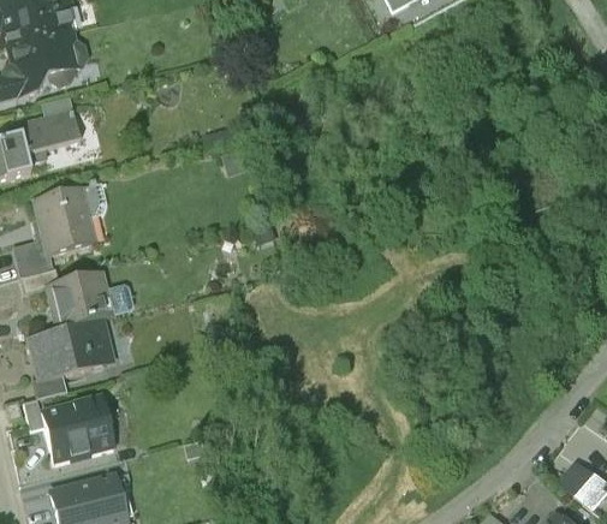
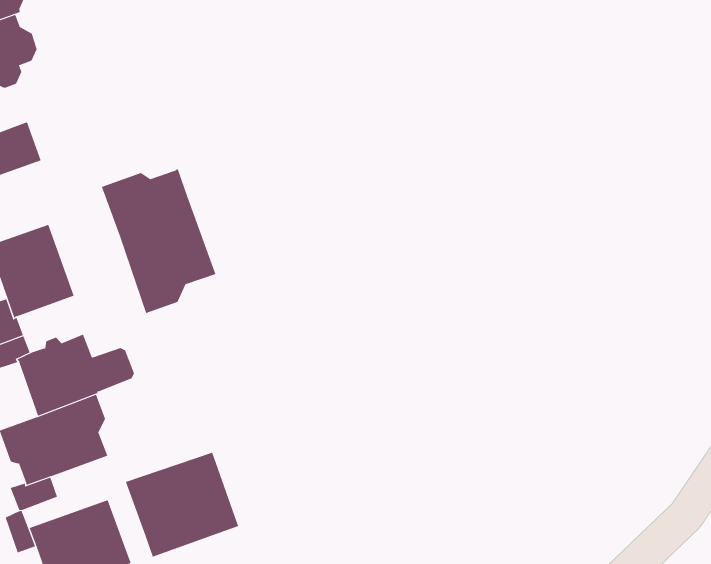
building: none -> [101,168,216,314]
building: none -> [125,452,239,558]

